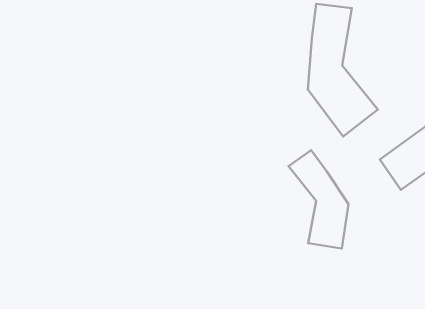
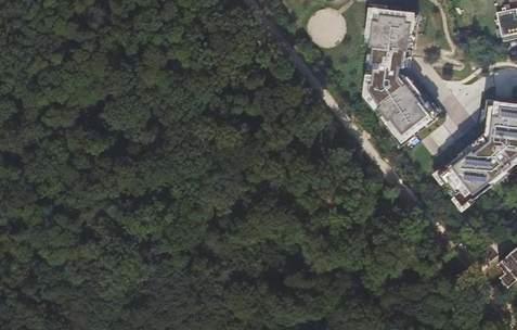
building: [288,150,349,248] -> none

